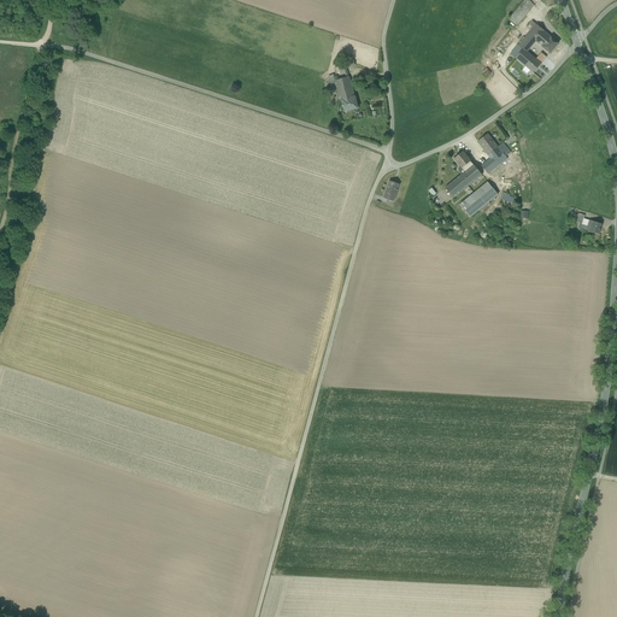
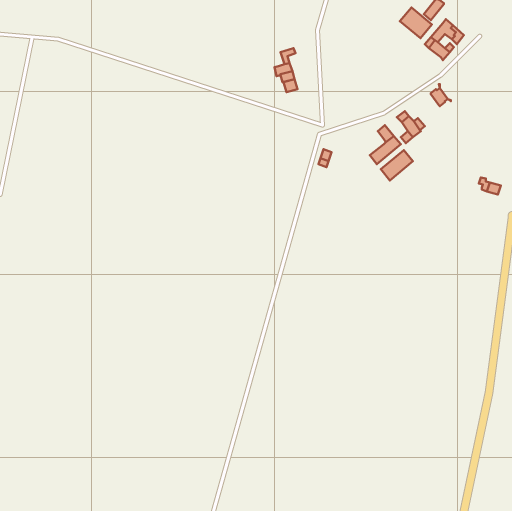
building: none -> [400,7,432,38]

